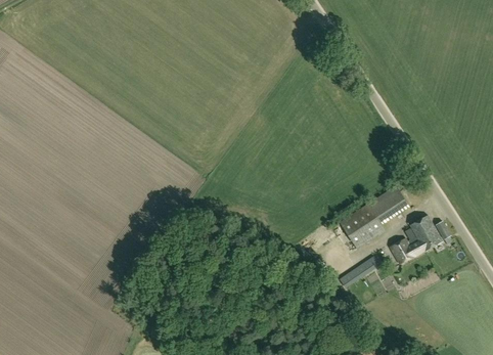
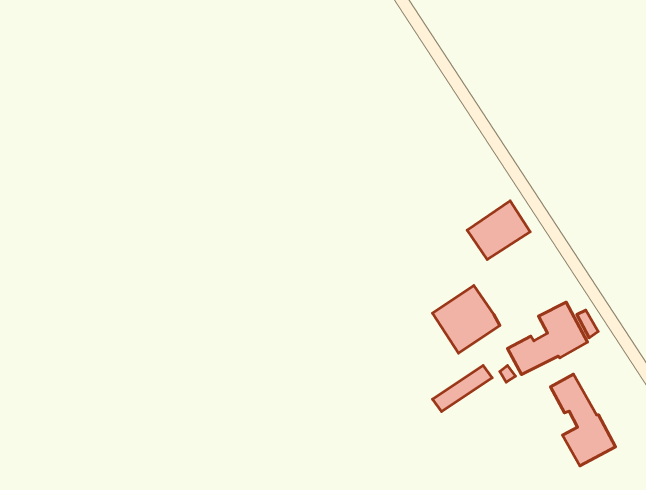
building: [366,184,408,223] -> [467,201,530,259]
building: none -> [550,374,615,466]

